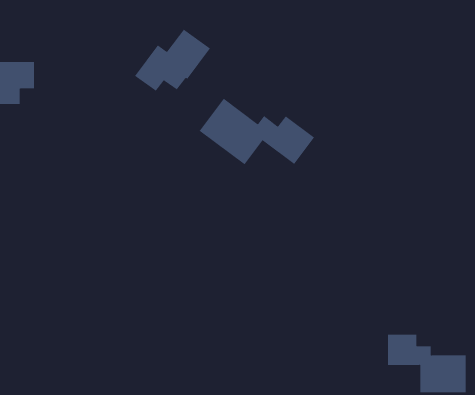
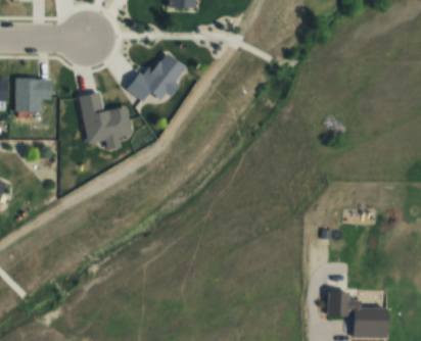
building: none -> [78,92,132,150]
building: [199,98,315,165] -> none

